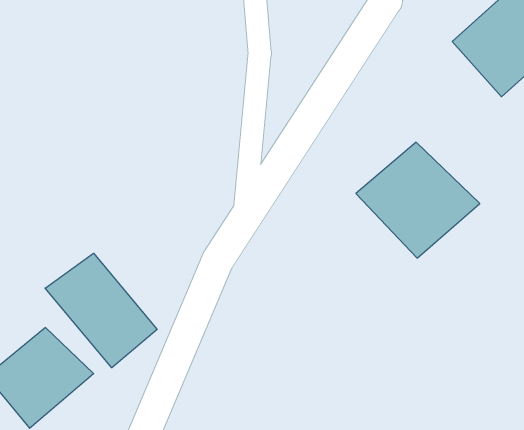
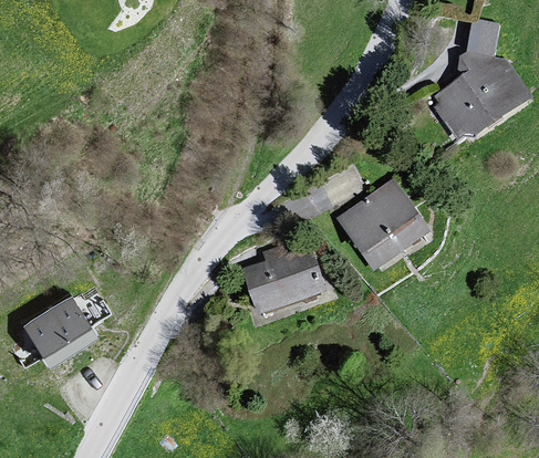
building: none -> [239,240,328,323]
building: [45,253,157,368] -> none

